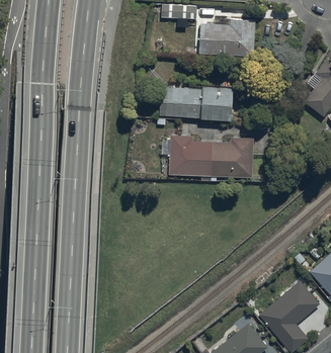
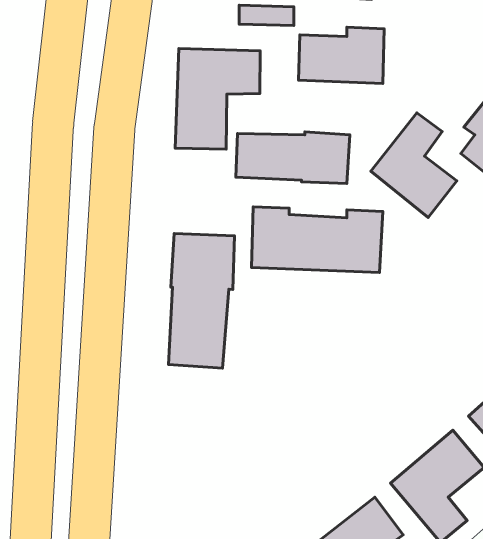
building: none -> [175,48,260,149]
building: none -> [371,113,457,217]
building: none -> [168,234,235,368]

